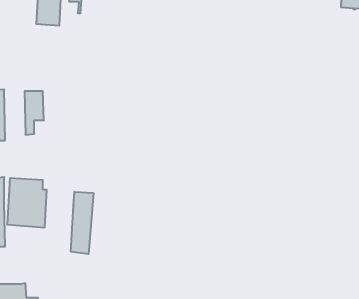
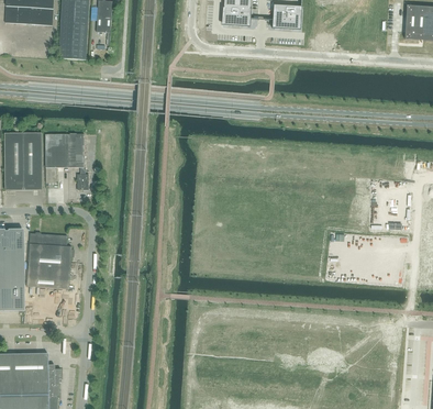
building: none -> [22,131,42,189]
building: none -> [66,133,88,189]
building: [71,192,93,254] -> none

